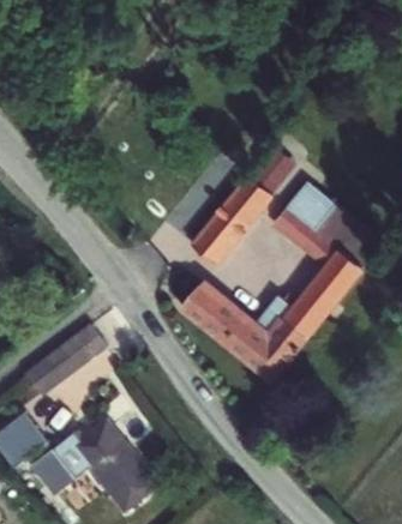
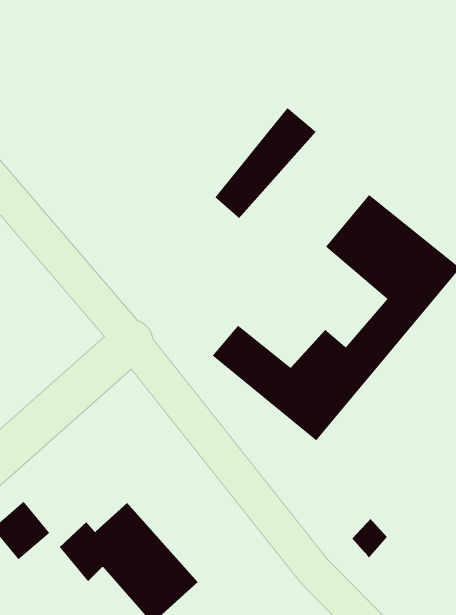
building: [194,165,278,258] -> [214,107,316,219]
building: [23,330,108,403] -> none

